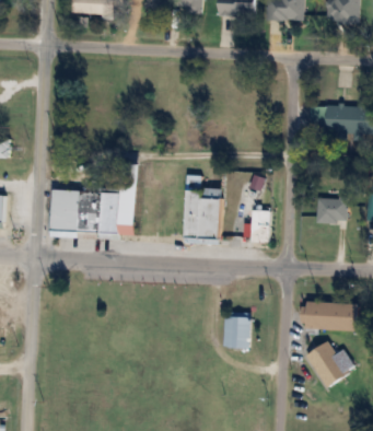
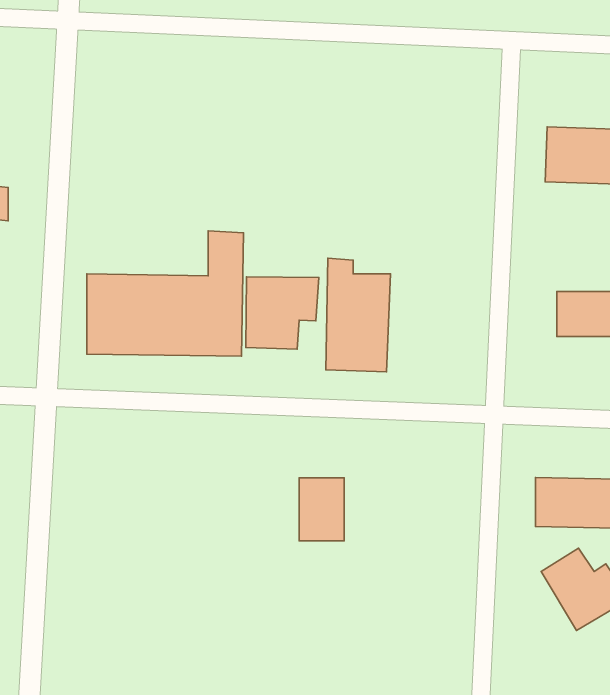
building: none -> [246,277,319,349]
building: [250,209,269,242] -> none
building: [224,312,249,347] -> [299,478,344,541]

